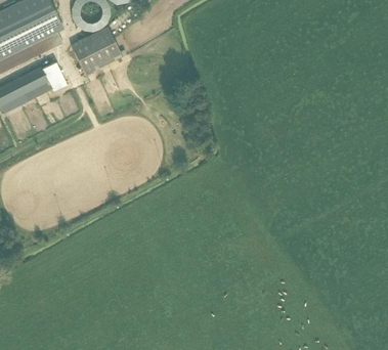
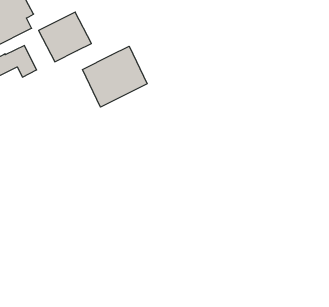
building: none -> [82,46,147,107]

